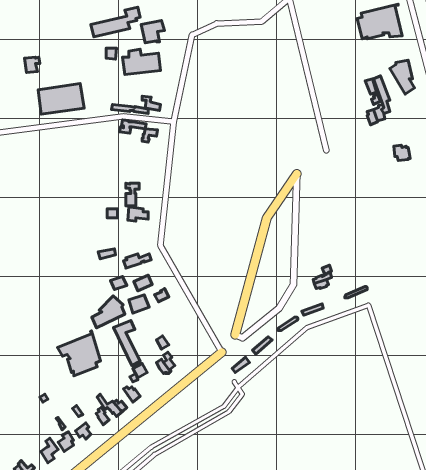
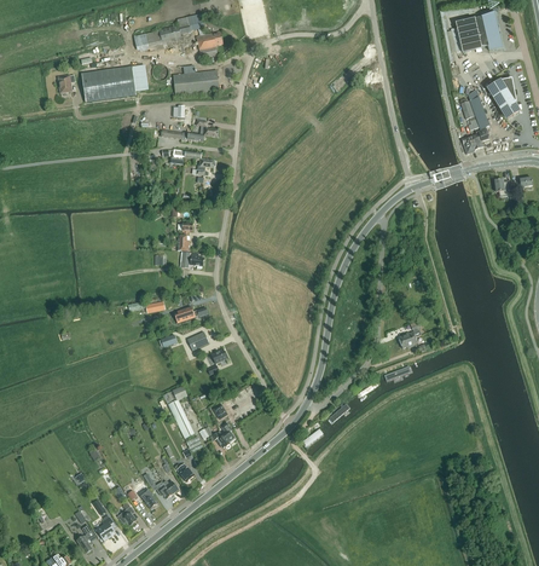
building: [38,84,84,114] -> [82,65,137,102]
building: [92,296,125,328] -> none
building: [57,331,100,376] -> none

